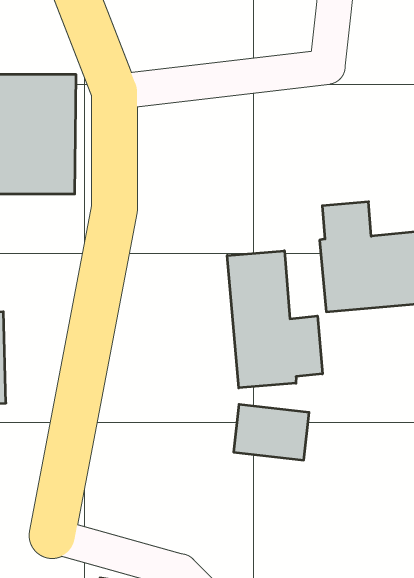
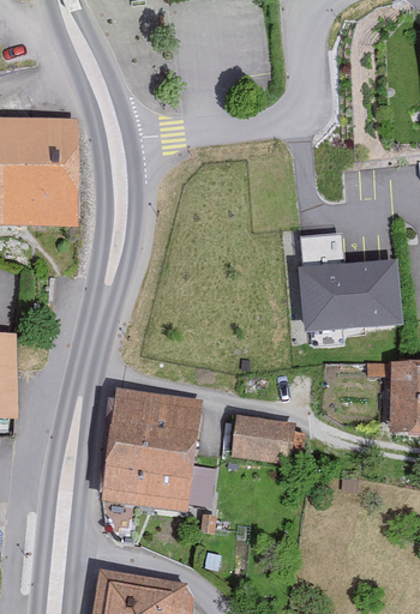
building: [227,251,322,388] -> none
building: none -> [103,390,202,513]

